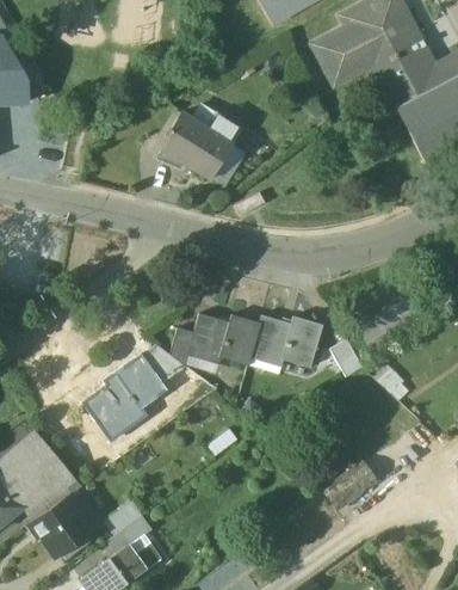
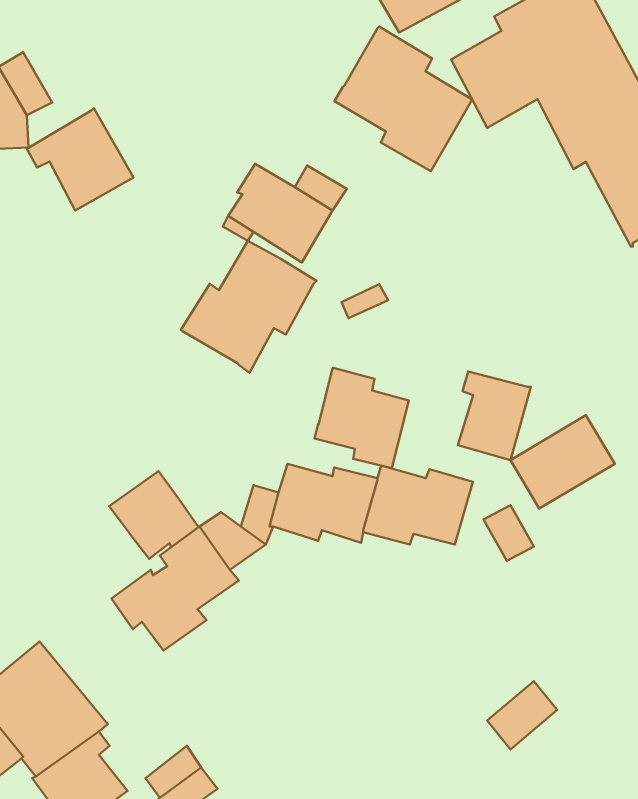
building: none -> [335,27,472,171]
building: none -> [27,108,133,210]
building: none -> [181,241,317,373]
building: none -> [314,368,409,468]
building: none -> [458,372,531,460]
building: none -> [109,471,198,559]

